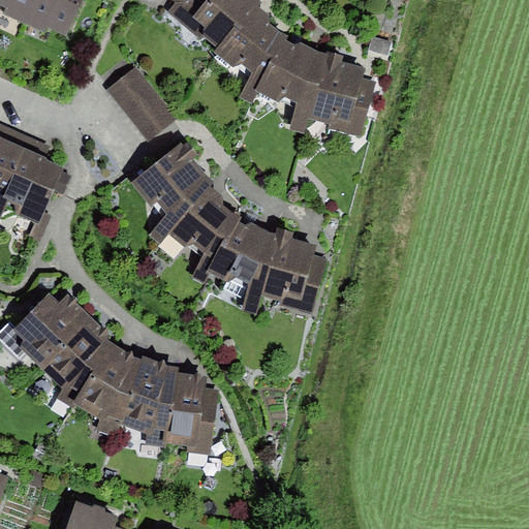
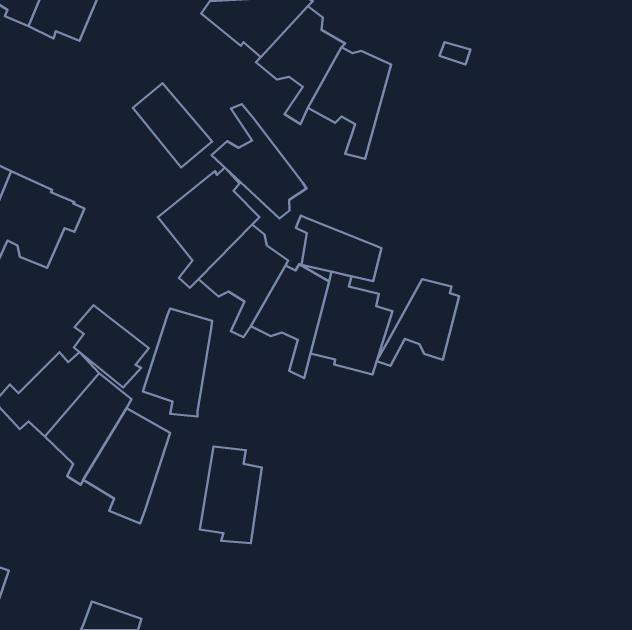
building: [307,49,374,133] -> none
building: none -> [212,104,307,218]
building: none -> [296,215,382,281]
building: none -> [377,279,459,366]
building: none -> [74,305,149,388]
building: [121,355,179,445] -> [143,309,212,416]

